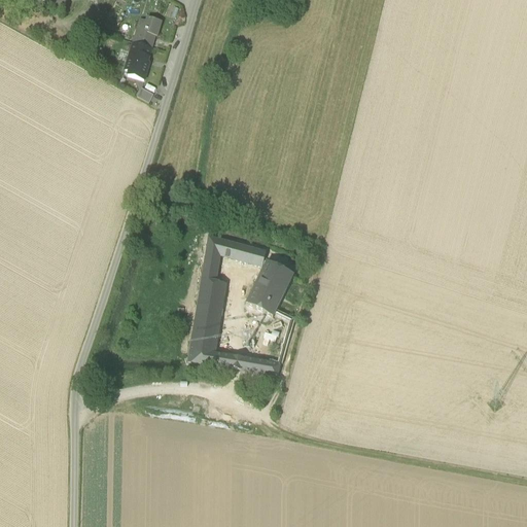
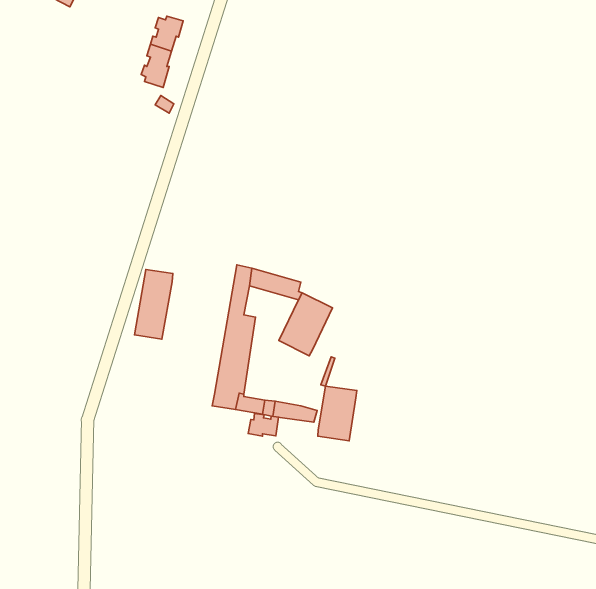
building: none -> [135,269,173,339]
building: none -> [318,386,357,441]
building: none -> [248,414,278,436]

